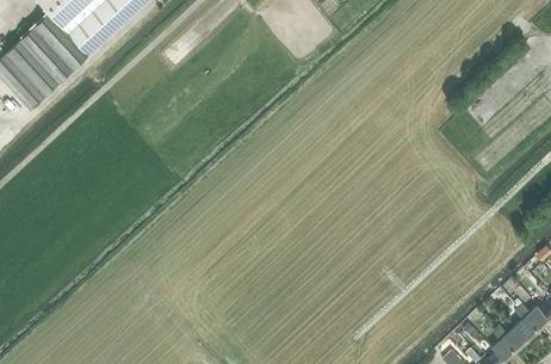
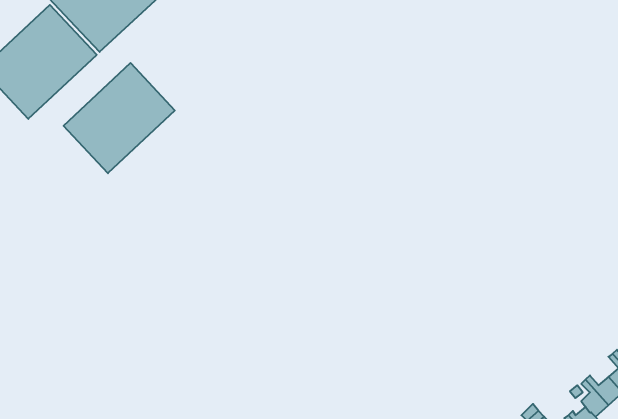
building: none -> [64,63,175,173]

